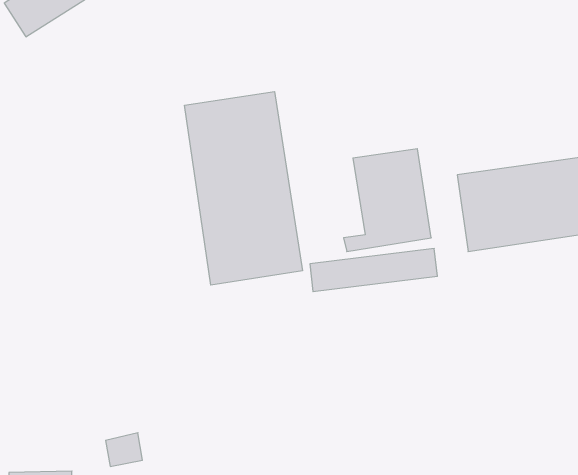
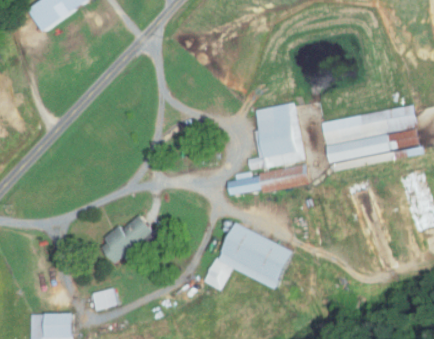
building: [185,92,302,285] -> none
building: none -> [98,215,154,264]
building: none -> [205,222,292,291]

